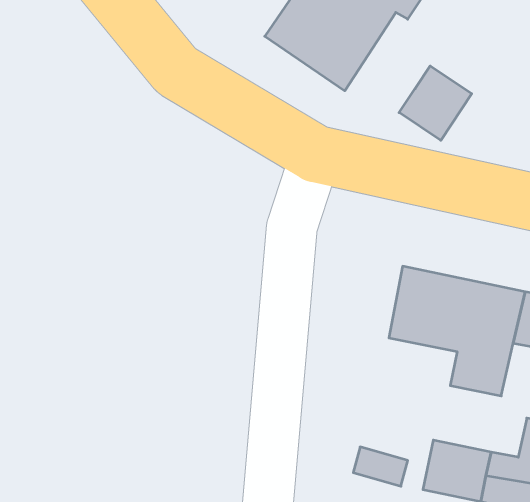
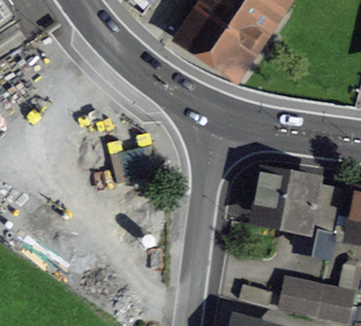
building: [399,66,472,140] -> none

